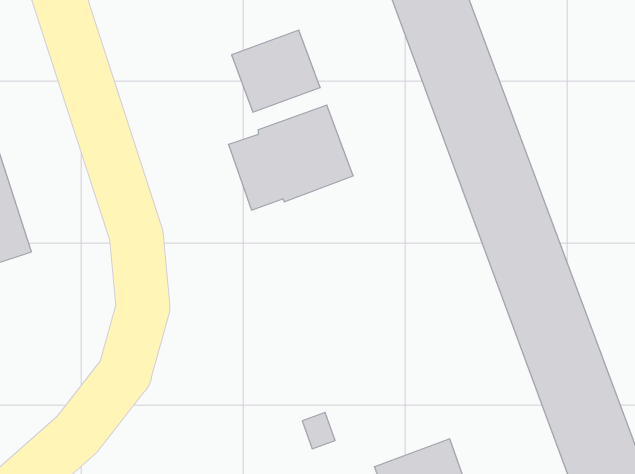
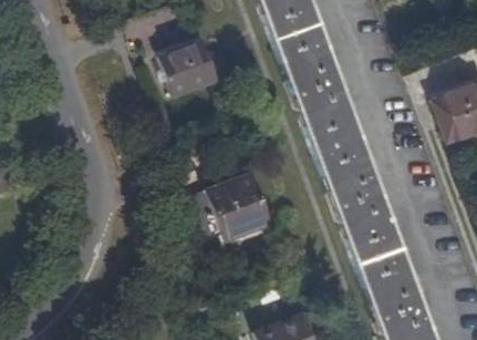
building: [228,105,353,210] -> [186,175,270,246]

